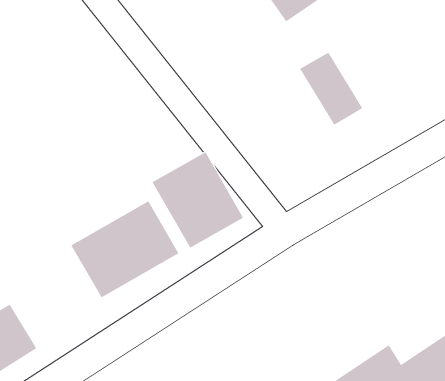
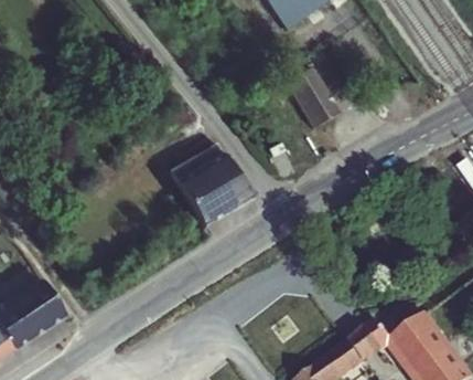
building: [71,200,179,298] -> none

